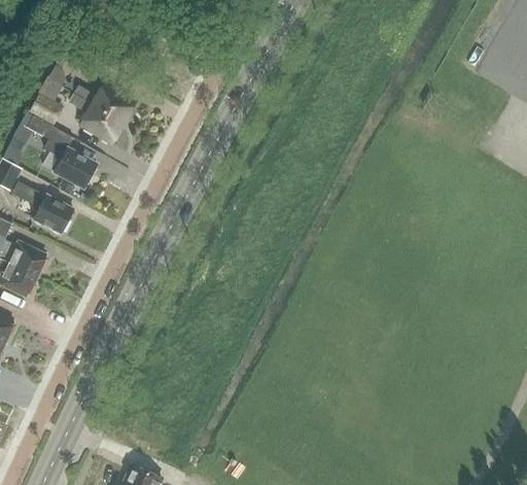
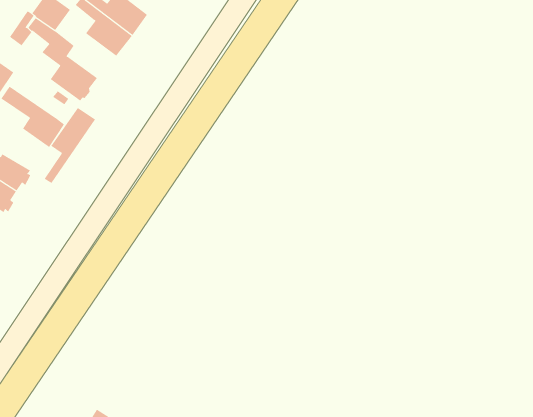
building: none -> [44,107,96,184]

